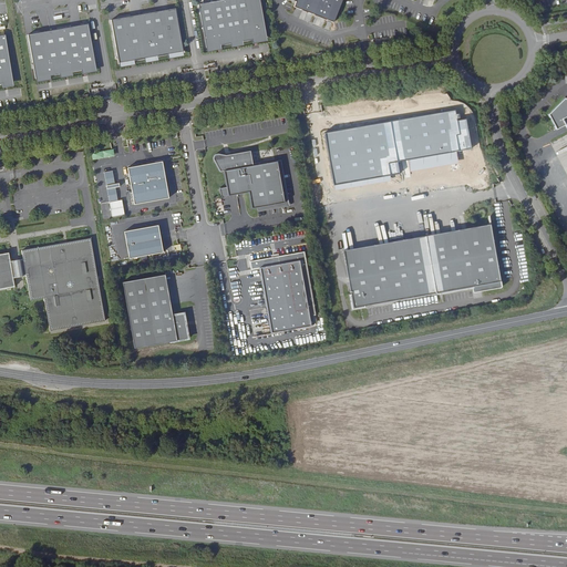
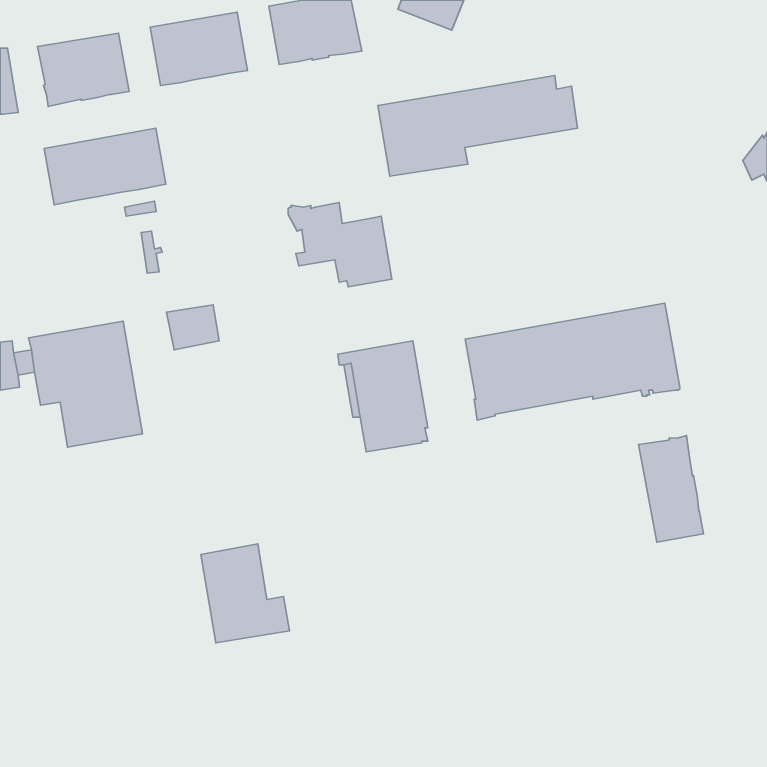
building: none -> [44,128,166,205]
building: [323,111,471,185] -> [378,76,577,176]
building: [127,162,168,205] -> none
building: [123,275,188,348] -> [201,544,289,643]
building: none -> [639,436,704,542]

